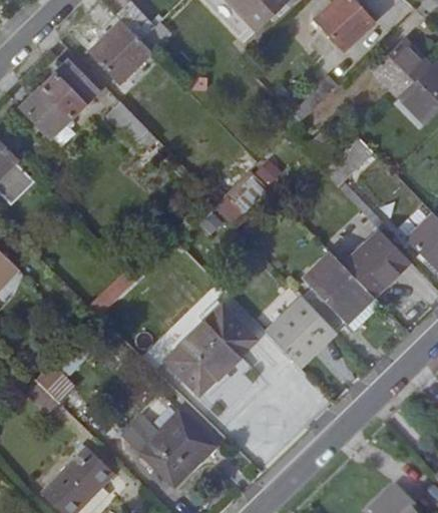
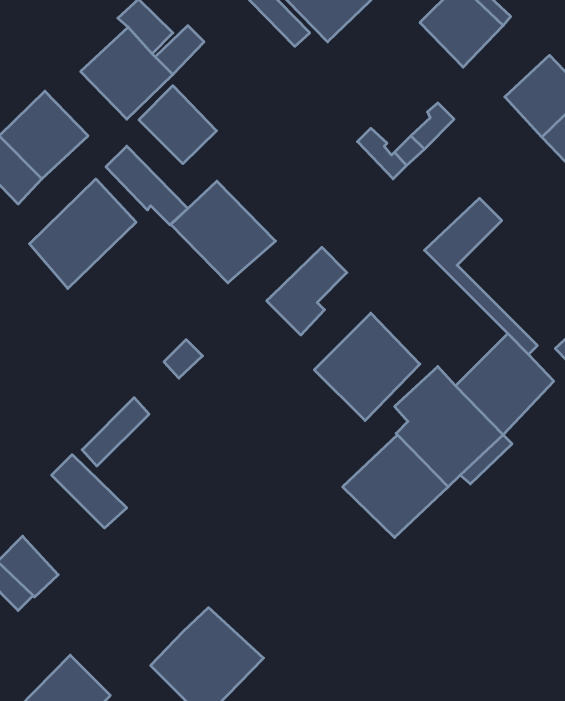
building: none -> [139,86,217,164]
building: none -> [29,179,136,289]
building: none -> [171,181,276,283]
building: none -> [314,313,420,421]
building: [167,298,258,405] -> none
building: none -> [52,455,127,528]
building: [120,411,159,451] -> none

